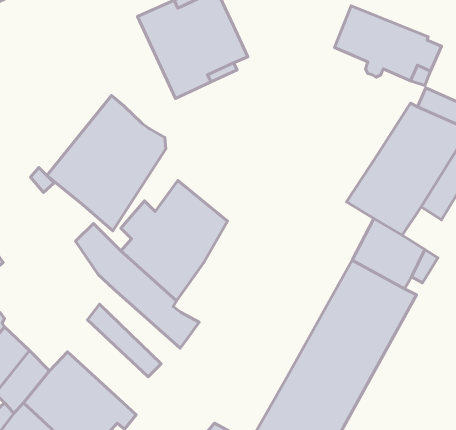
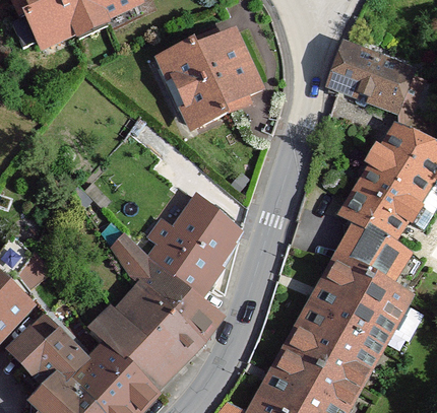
building: [47,96,166,231] -> none
building: none -> [129,289,203,358]
building: none -> [88,307,171,387]

